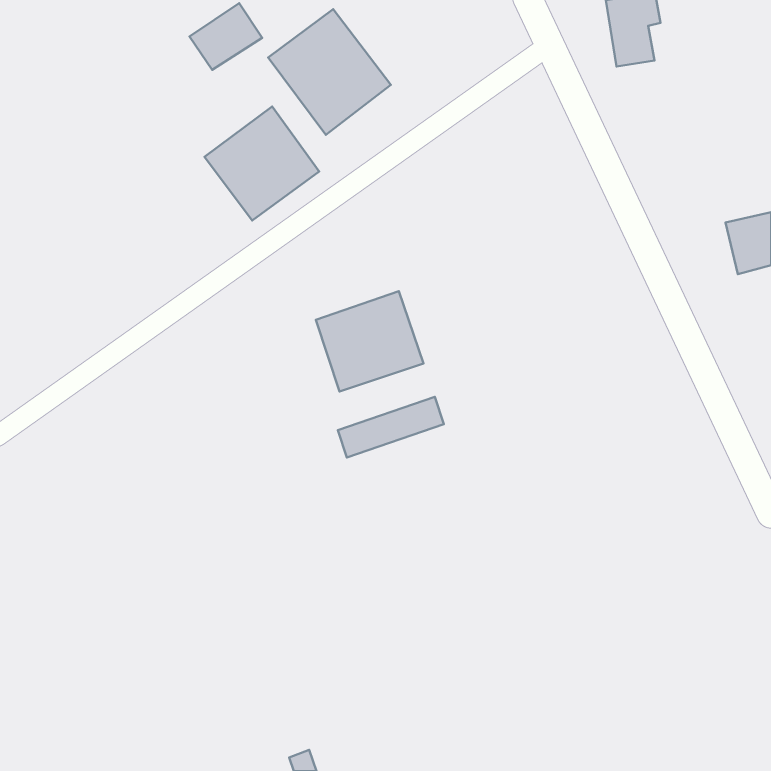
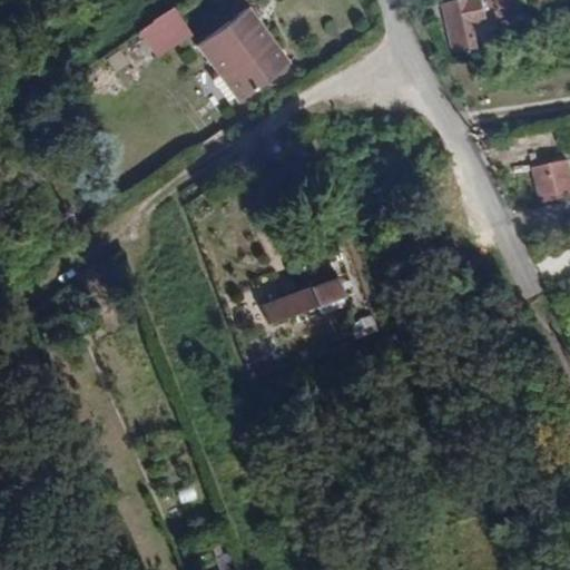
building: [205,107,319,220] -> none
building: [316,291,424,392] -> none

